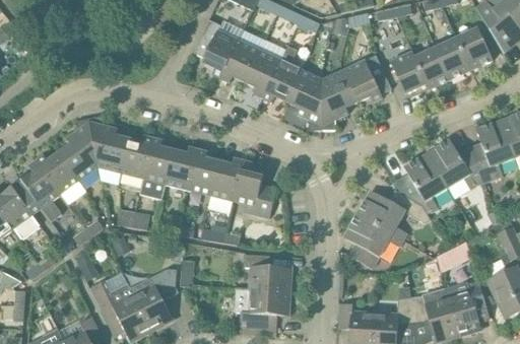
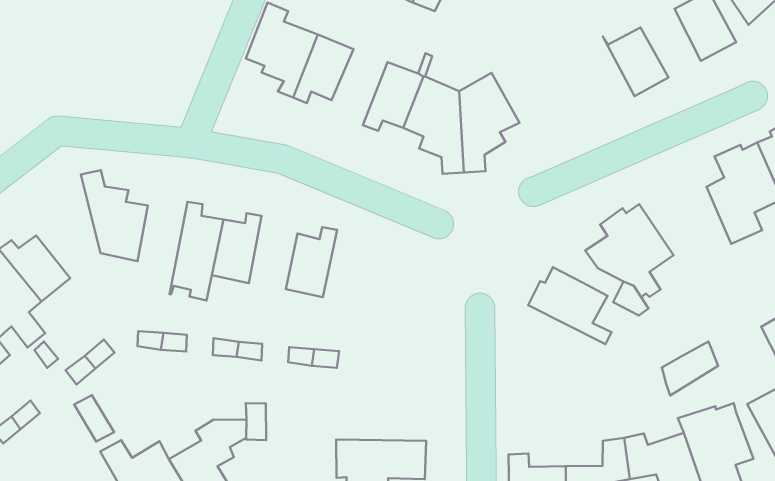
building: [436,37,471,78] -> none
building: [245,50,280,96] -> none
building: [390,51,430,92] -> none
building: [343,59,383,100] -> none
building: [60,117,99,180] -> none
building: [121,135,153,178] -> none
building: [429,138,483,188] -> none
building: [188,148,219,194] -> none
building: [233,159,277,216] -> none
building: [346,212,403,268] -> none
building: [244,253,291,291] -> none

